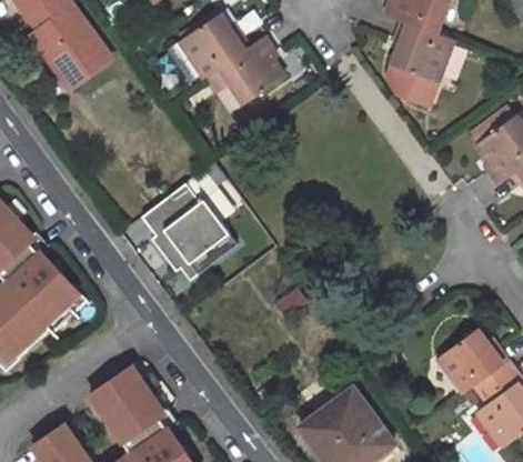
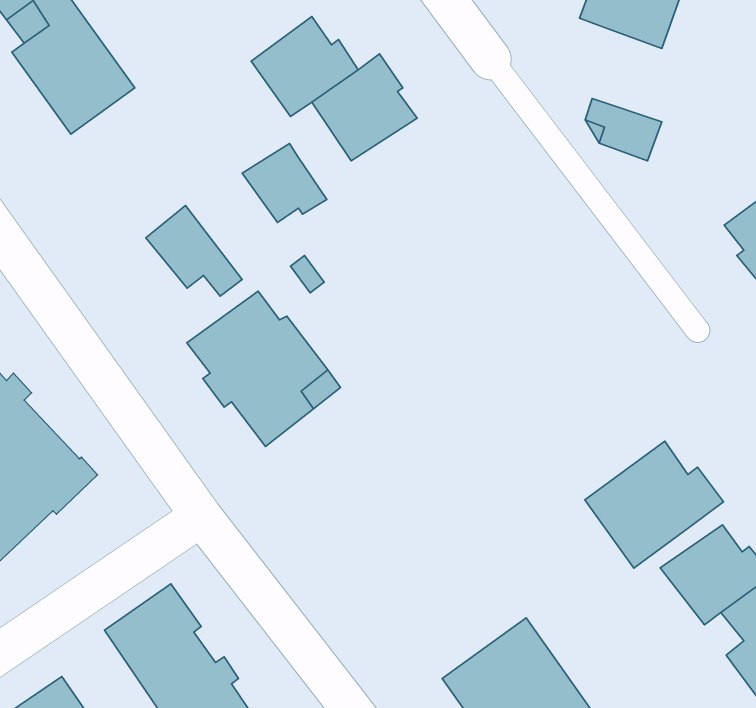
building: [393,21,453,80] -> none
building: none -> [242,144,327,222]
building: none -> [146,206,242,296]
building: none -> [585,441,723,568]

